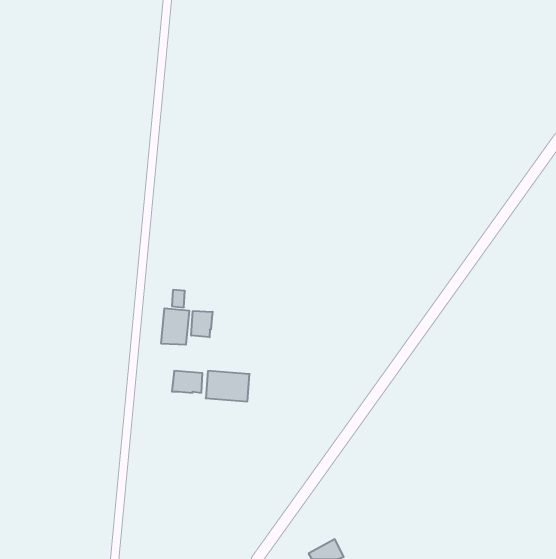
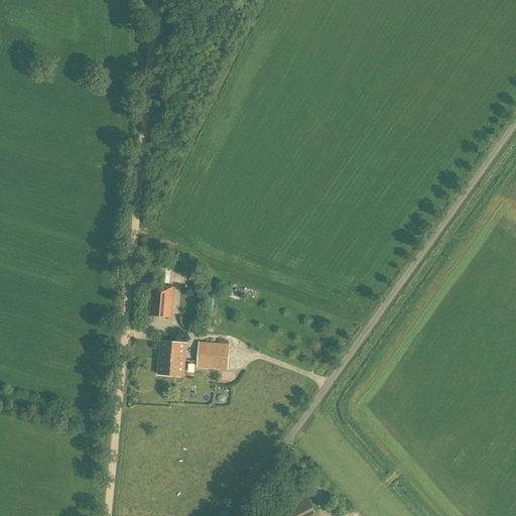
building: [191,311,213,337] -> none
building: none -> [160,361,188,377]

